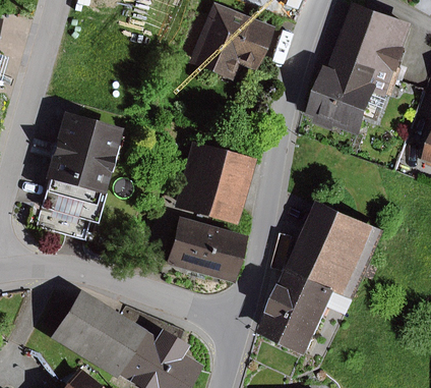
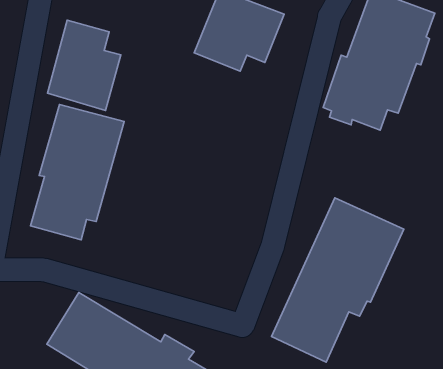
building: none -> [47,20,121,110]
building: [164,142,254,283] -> none

